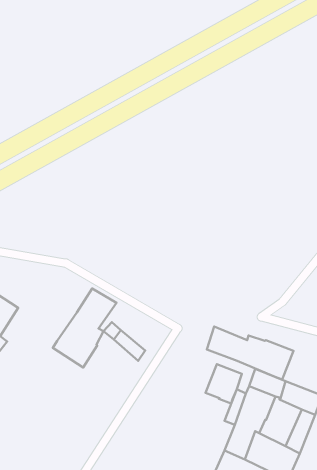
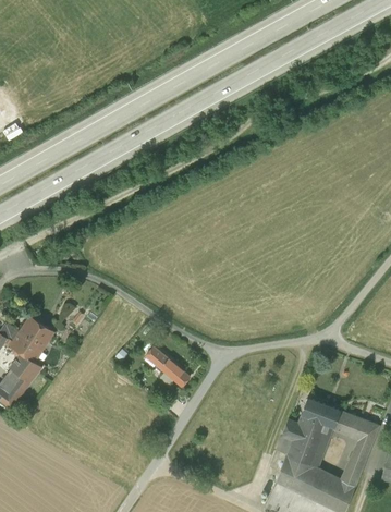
building: [53,288,116,367] -> none
building: [207,326,293,379] -> none
building: [206,364,242,404] -> none

